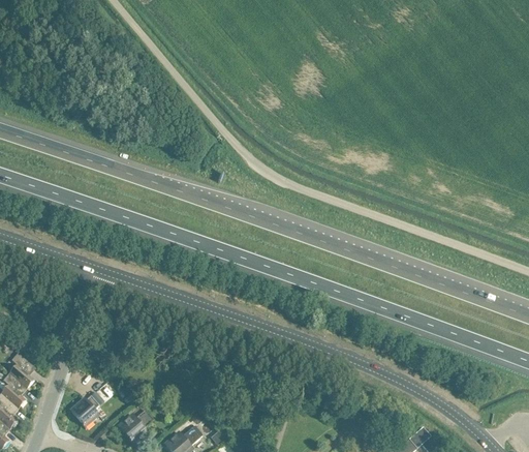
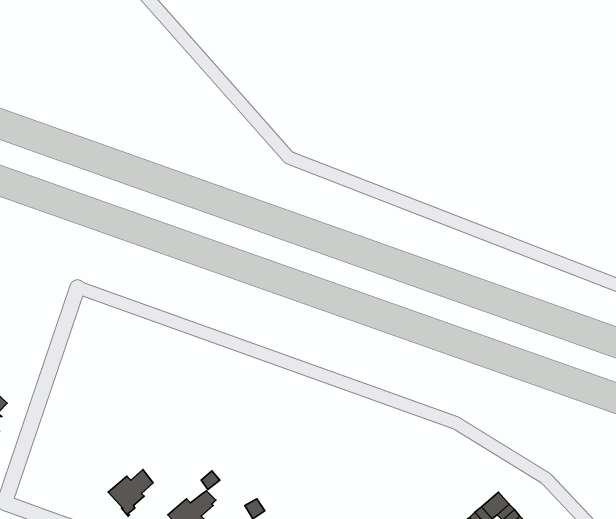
building: [69,396,97,428] -> none

